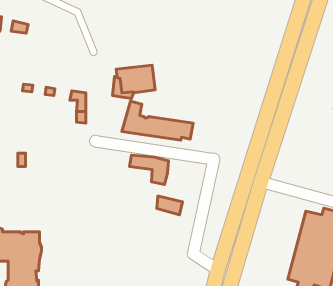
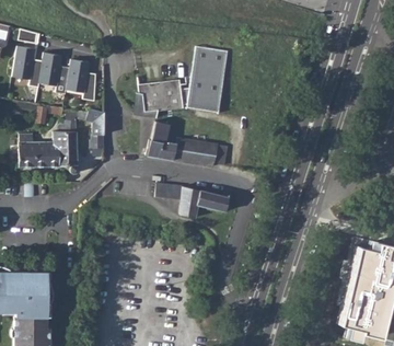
building: none -> [11,45,96,99]
building: none -> [188,47,229,113]
building: none -> [25,125,83,174]
building: [157,196,182,215] -> [198,189,228,211]

